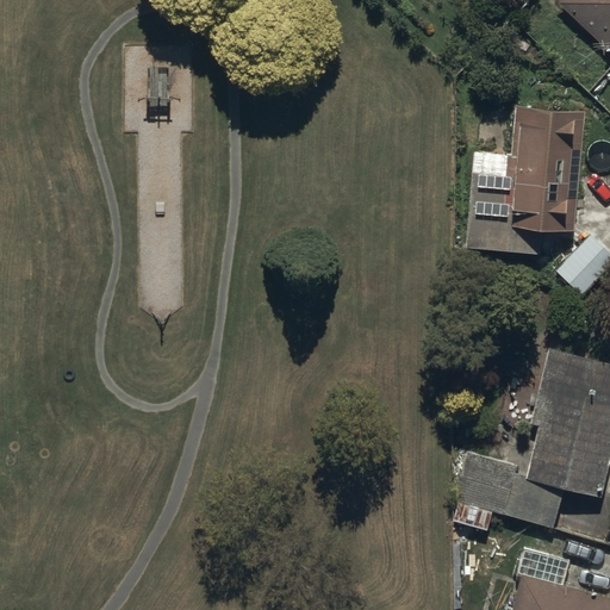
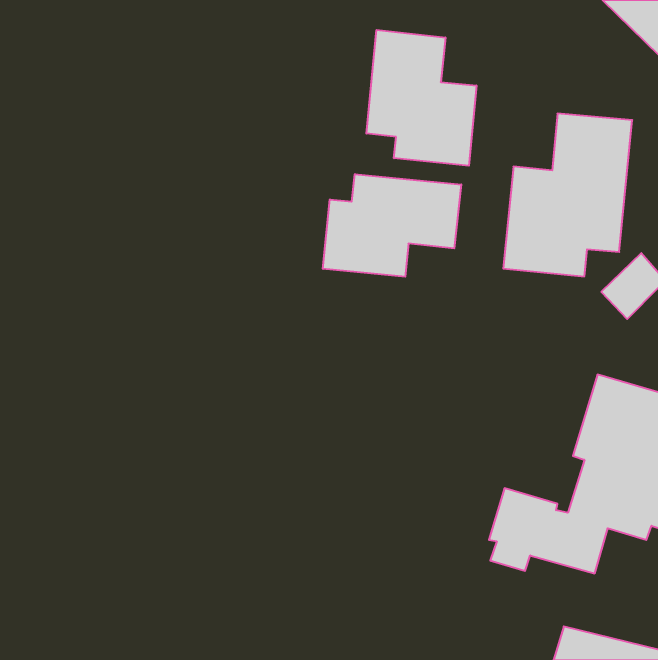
building: none -> [366,30,476,166]
building: none -> [323,174,461,277]

